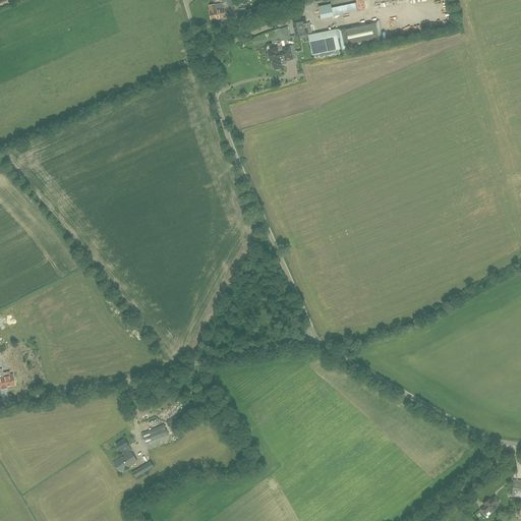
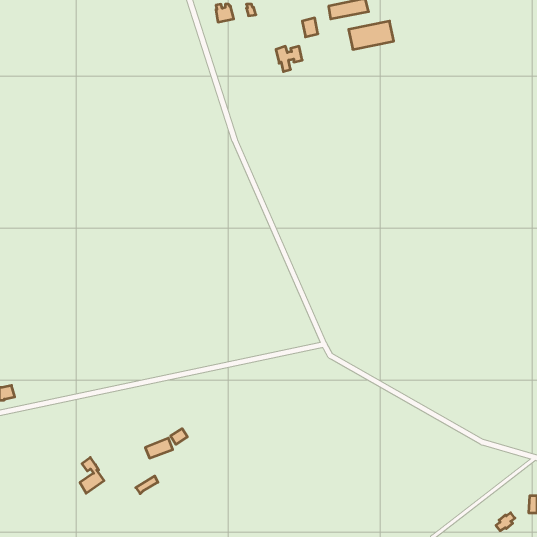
building: [307,28,339,54] -> none
building: [113,438,136,472] -> [80,457,104,493]

